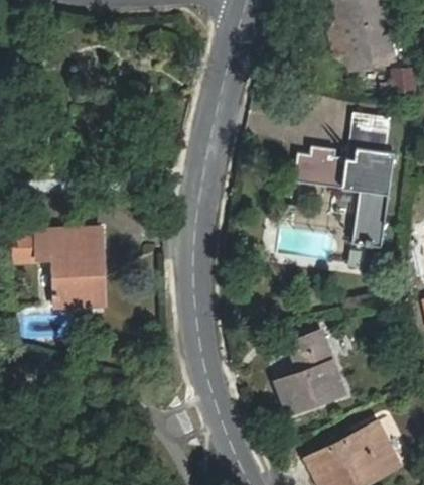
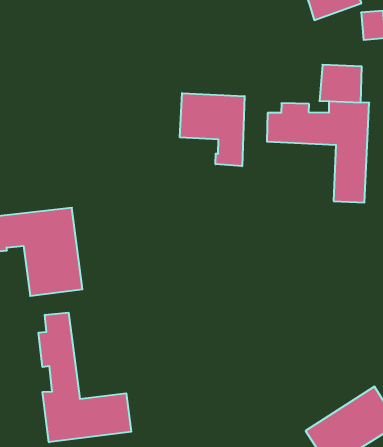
building: none -> [180,93,245,166]
building: none -> [39,313,131,442]
building: [274,332,344,414] -> none

